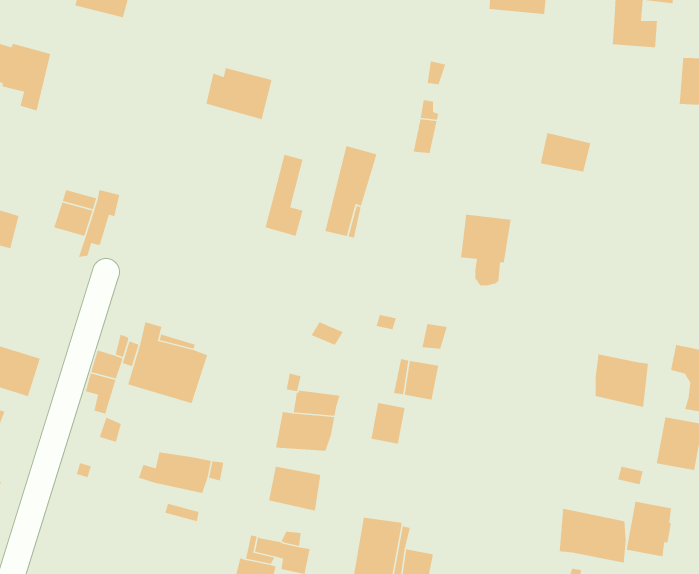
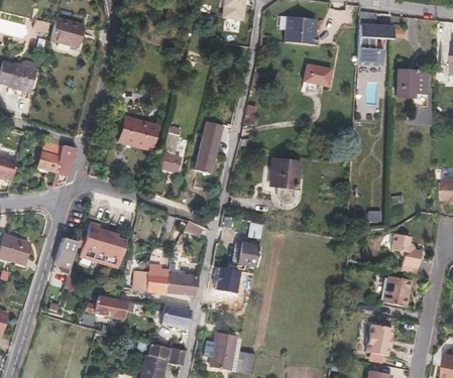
building: [206,67,273,120] -> [119,119,157,149]
building: [540,132,591,173] -> [303,64,332,87]
building: [595,353,649,408] -> none
building: none -> [132,247,168,293]
building: [559,508,626,563] -> none

